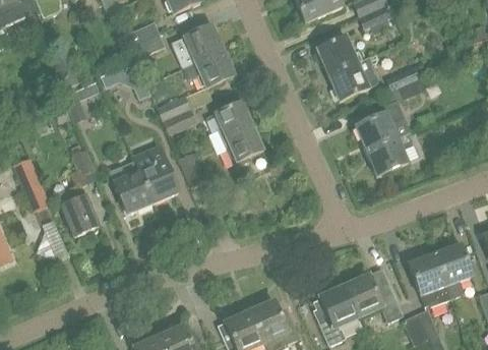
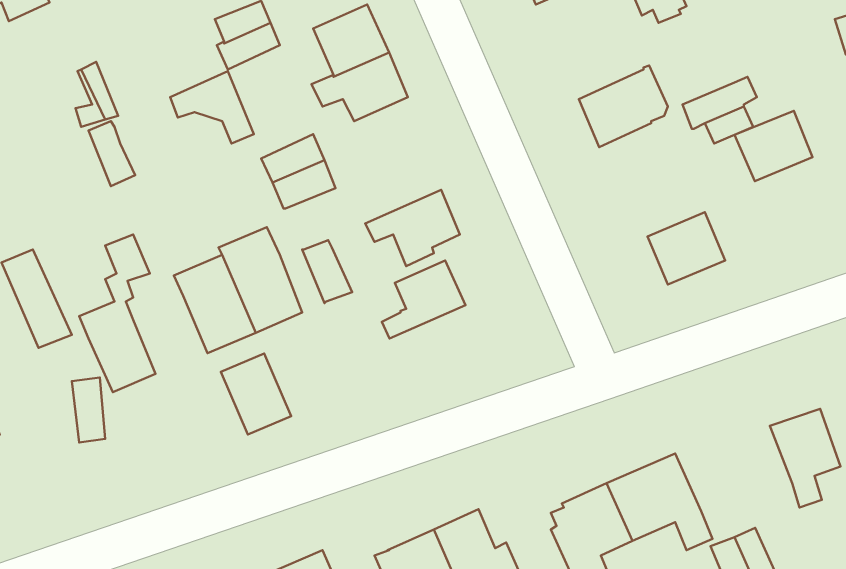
building: [317,36,365,74] -> none
building: [208,100,254,142] -> [382,261,465,339]
building: [356,111,399,150] -> [734,111,812,181]
building: none -> [221,354,291,435]
building: [408,253,450,306] -> none

